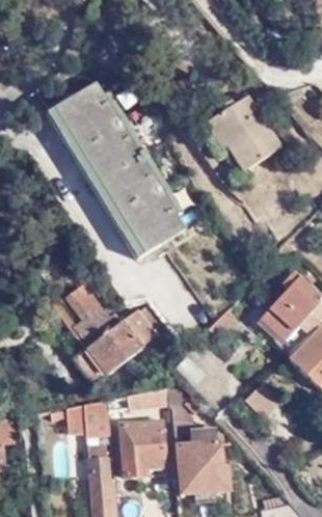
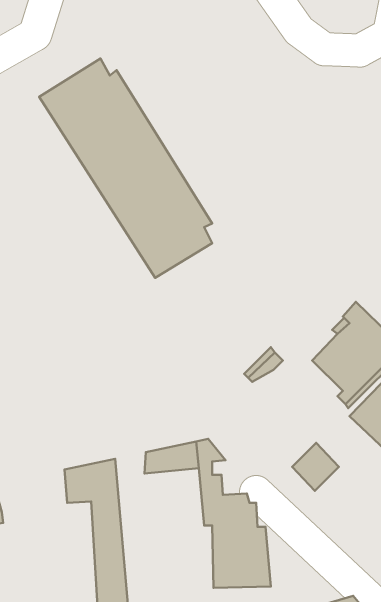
building: [205,93,286,168] -> none
building: [65,281,163,385] -> none
building: [122,426,165,480] -> none

